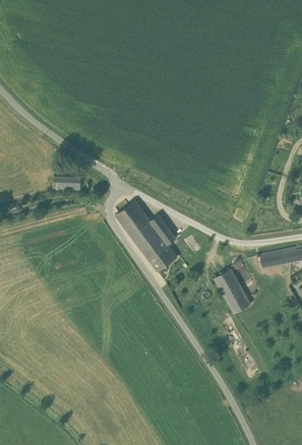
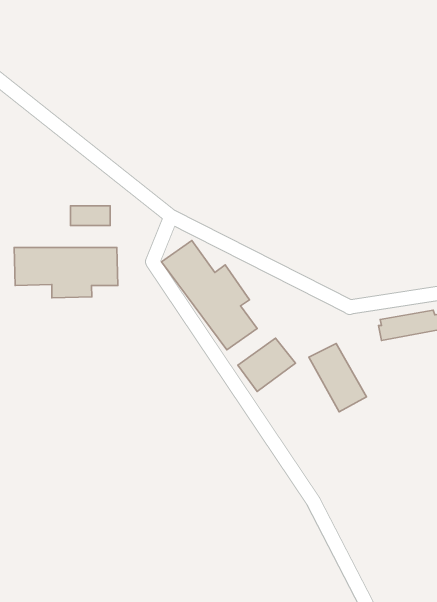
building: none -> [14,248,118,298]
building: none -> [238,338,295,391]

